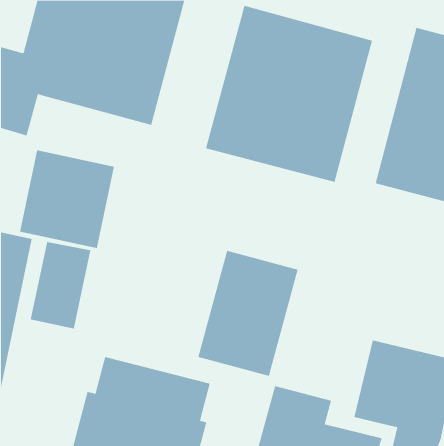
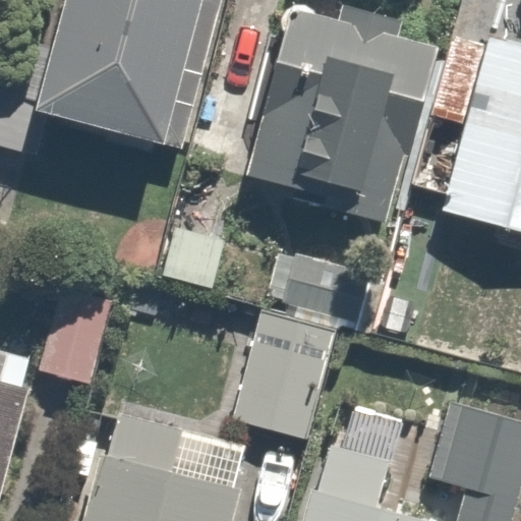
building: [19,150,115,249] -> none

